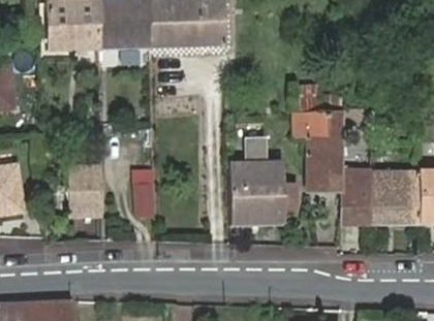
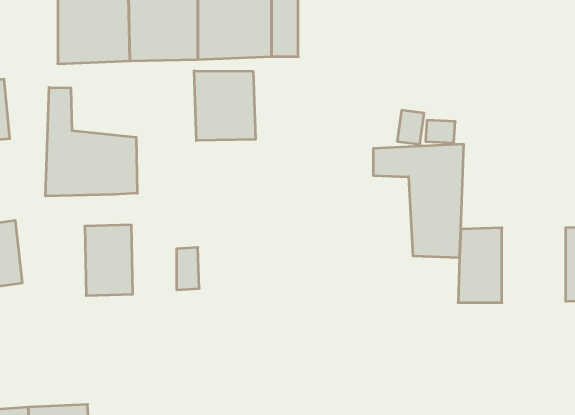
building: none -> [194,71,255,141]
building: none -> [46,87,137,196]
building: [229,162,281,224] -> none
building: [373,170,420,225] -> none

